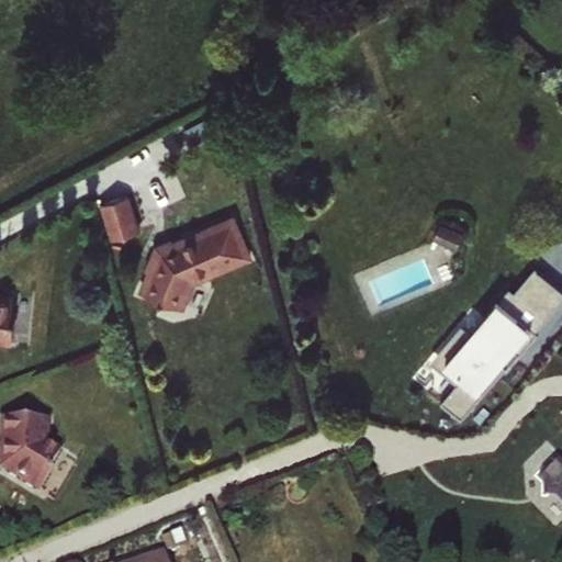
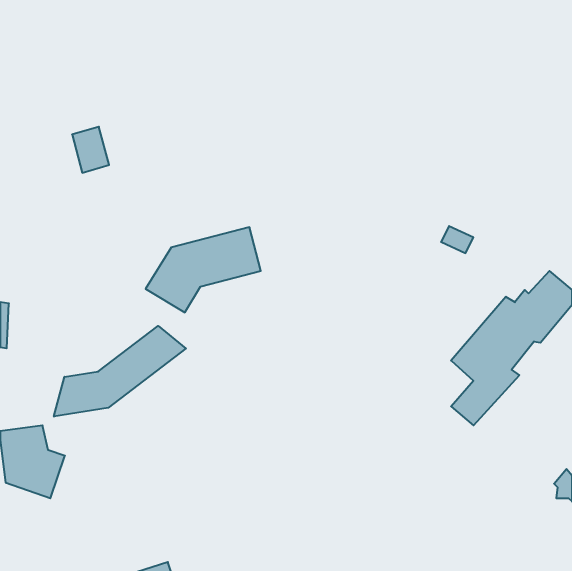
building: [91,200,127,245] -> [72,127,109,173]
building: none -> [54,326,186,417]

